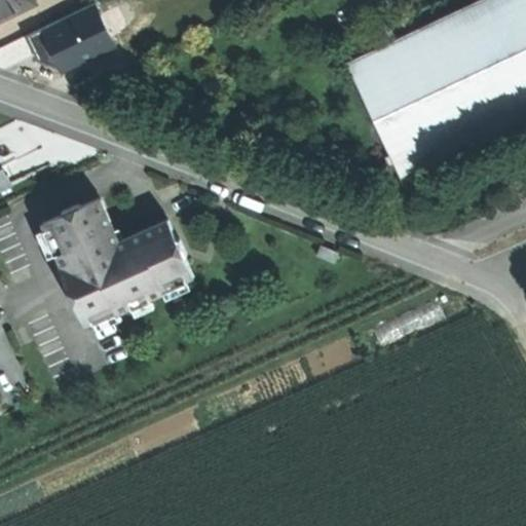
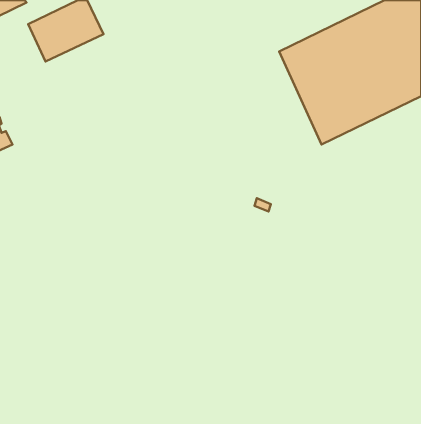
building: [43,199,191,323] -> none

